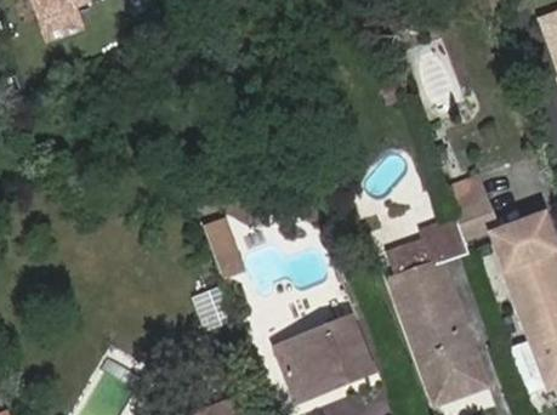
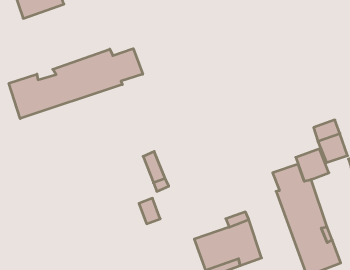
building: none -> [9,49,143,119]

